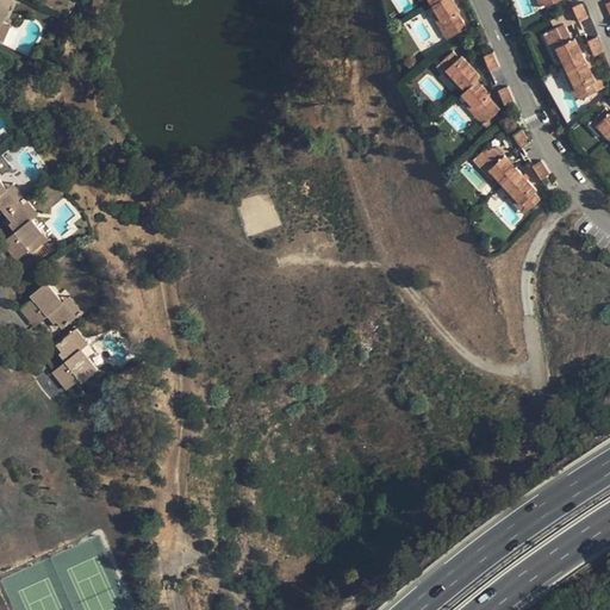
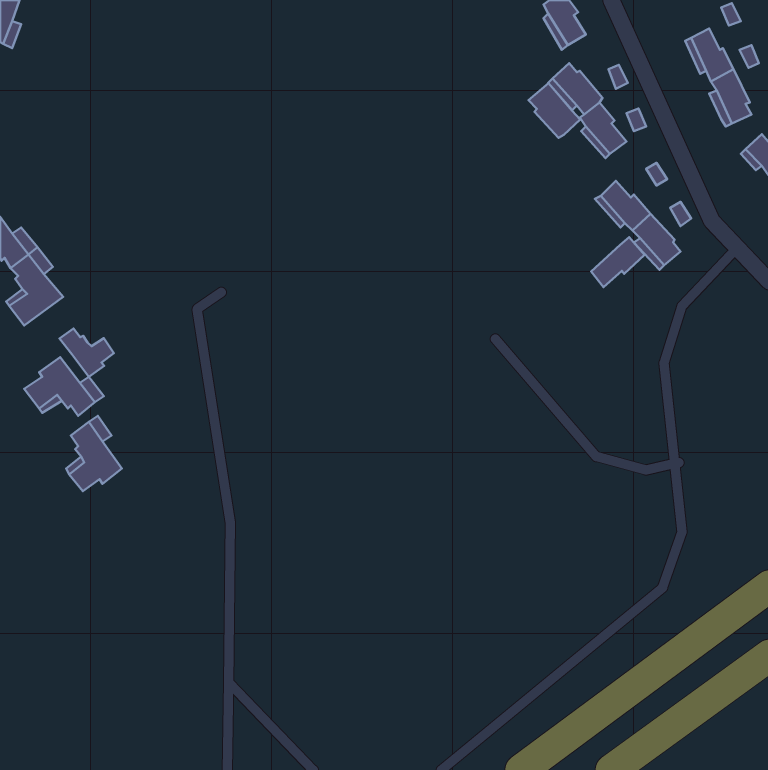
building: none -> [529,83,580,138]
building: none -> [591,237,645,287]
building: none -> [60,329,114,377]

